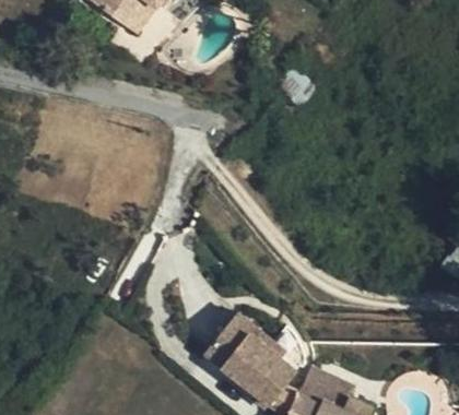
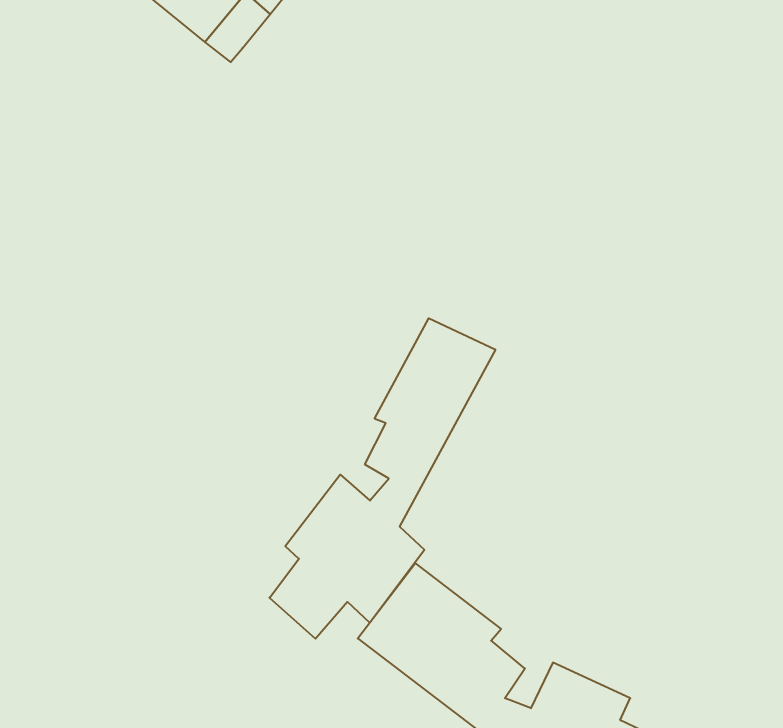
building: none -> [269,318,495,639]

